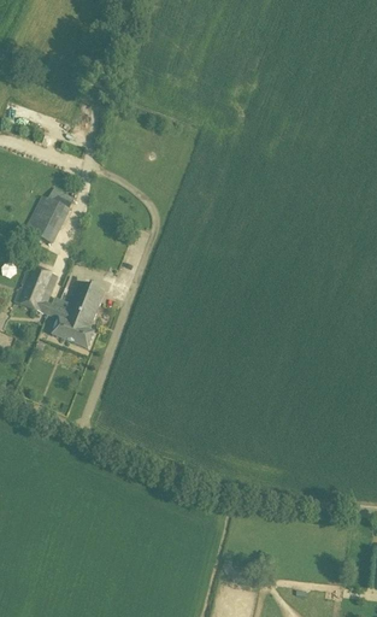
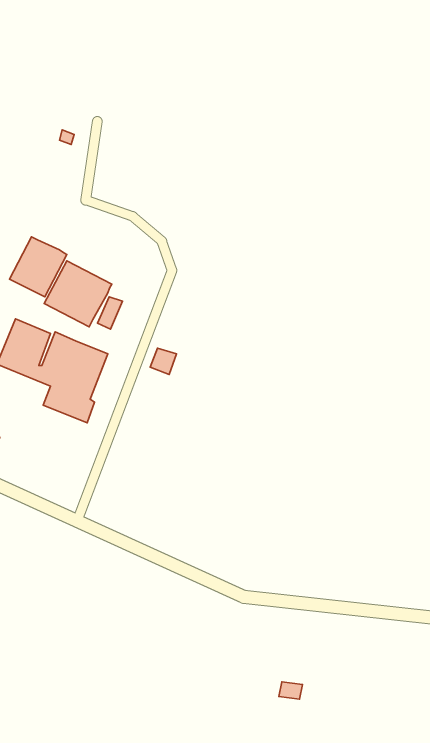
building: none -> [44,261,112,327]

